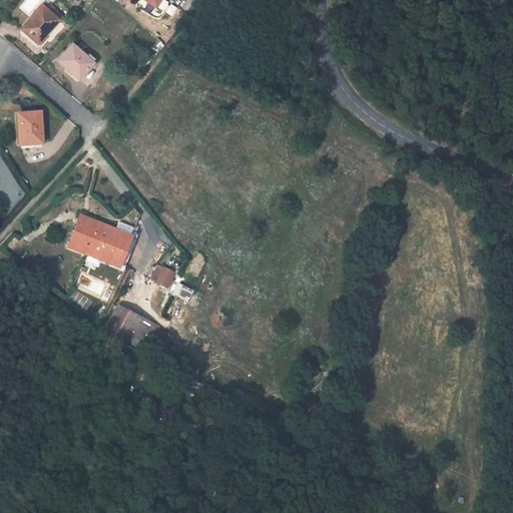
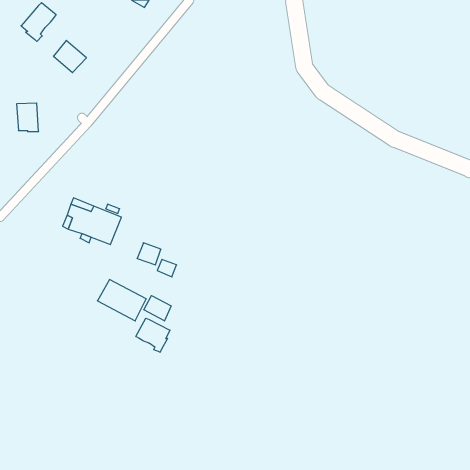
building: none -> [144,296,171,321]
building: none -> [136,318,170,352]

